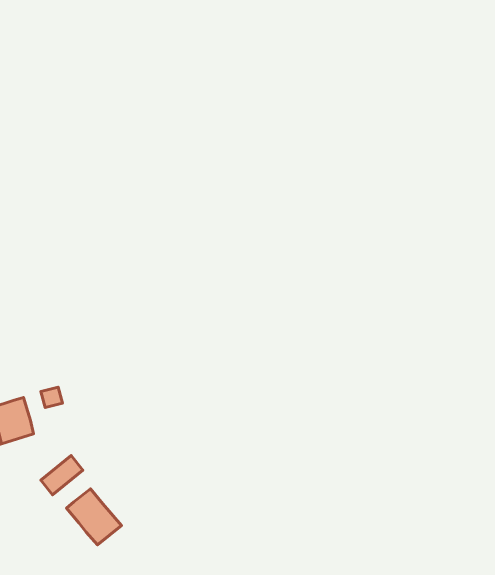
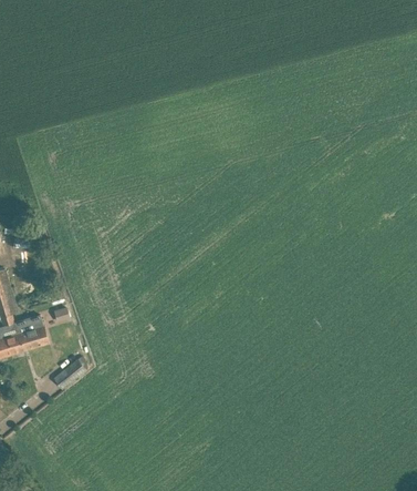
building: [67,489,122,545] -> none

